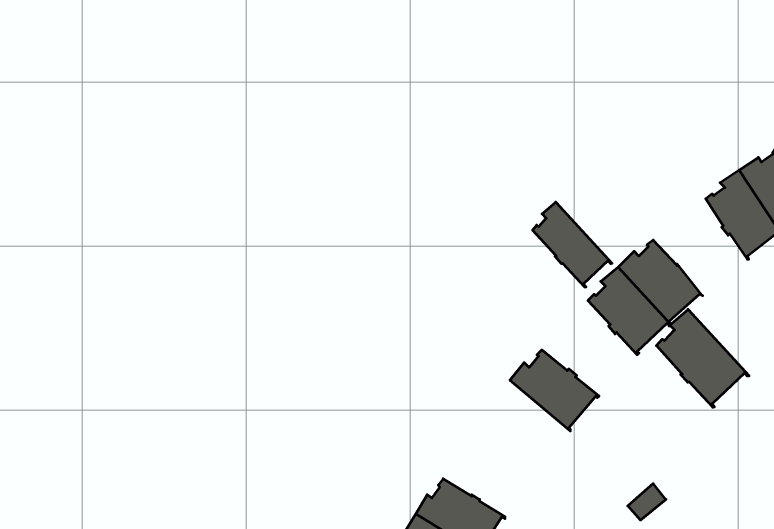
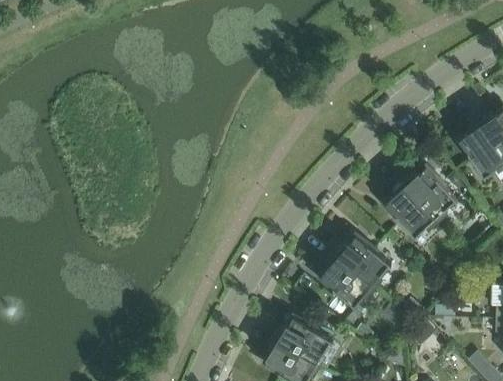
building: [533,202,612,287] -> none
building: [656,309,749,407] -> none
building: none -> [320,253,374,306]

